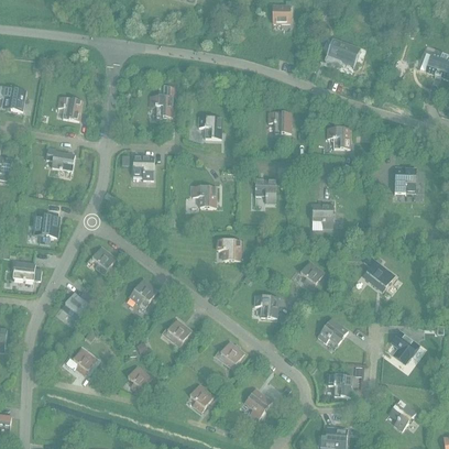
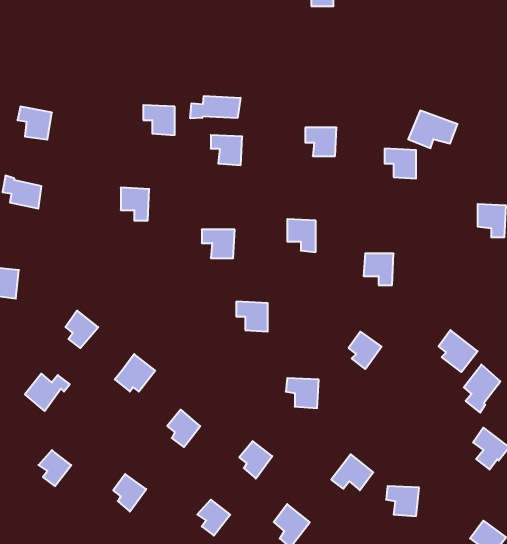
building: [324,39,360,66] -> [408,111,458,148]
building: none -> [190,96,240,118]
building: none -> [464,364,500,413]
building: [316,317,347,343] -> [331,454,373,490]

